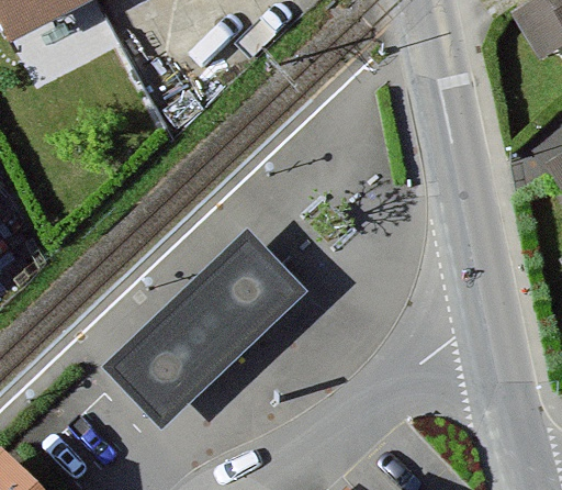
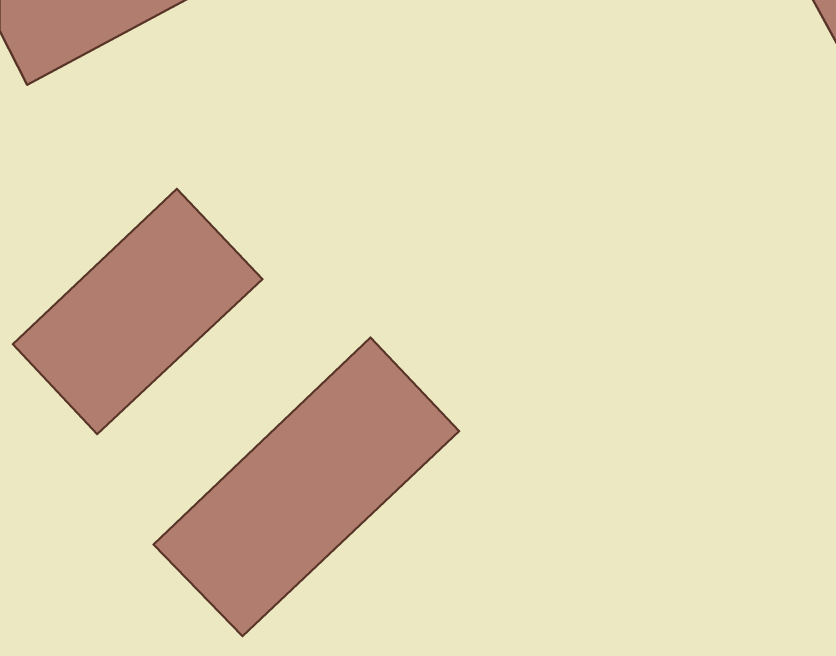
building: none -> [13,189,262,434]

